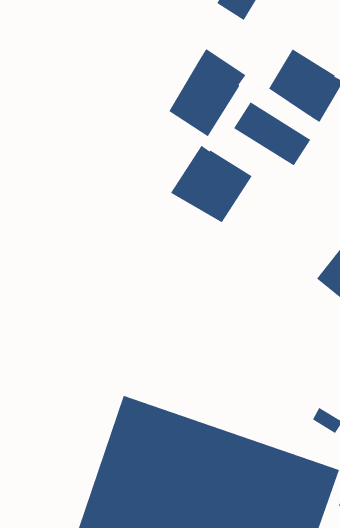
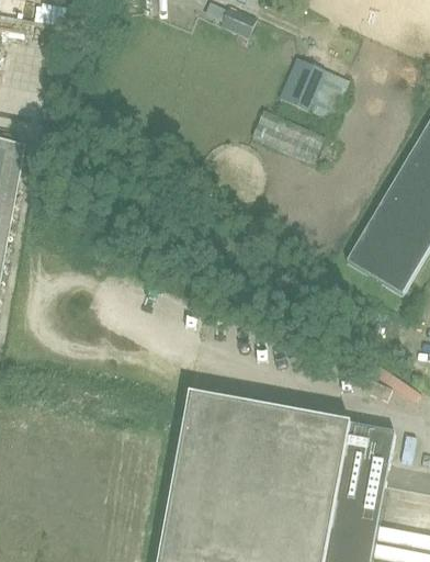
building: [168,48,246,137] -> none
building: [170,145,252,223] -> none

